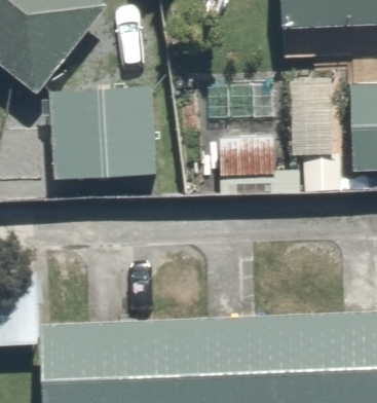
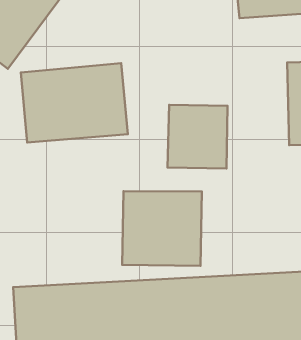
building: none -> [122,191,202,266]

